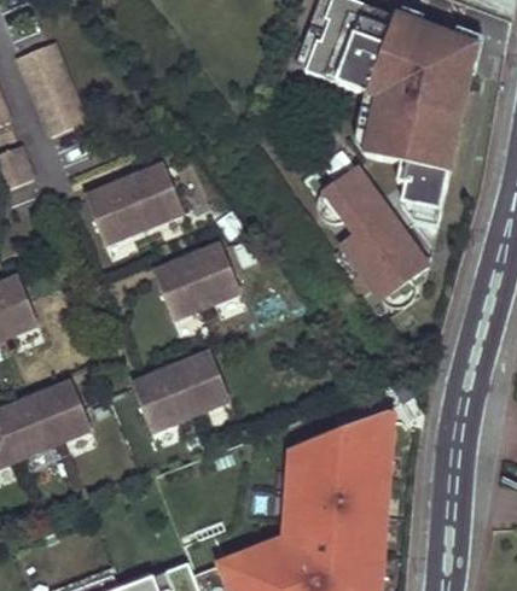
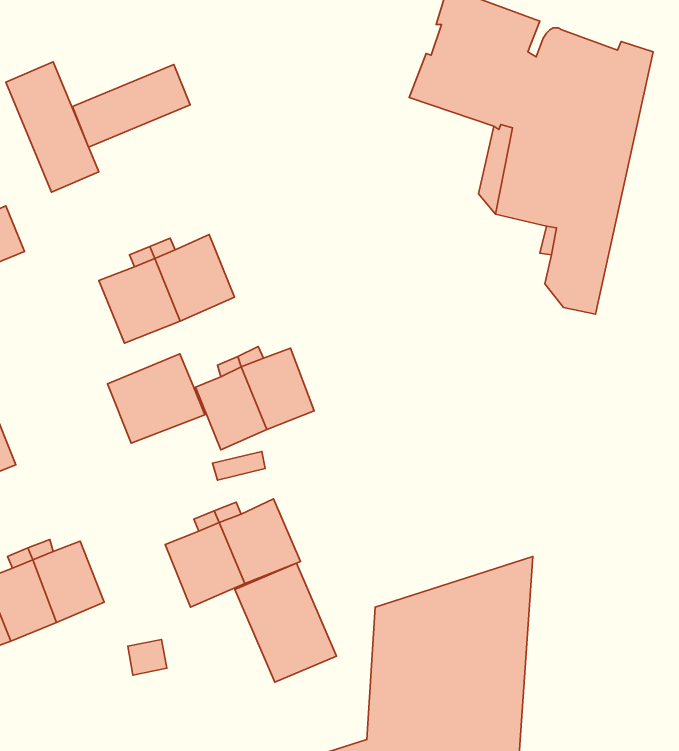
building: none -> [72,64,190,147]
building: [319,165,430,305] -> none
building: none -> [107,354,205,443]
building: none -> [235,563,337,682]

